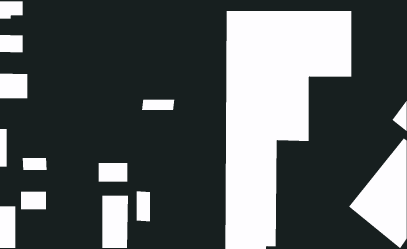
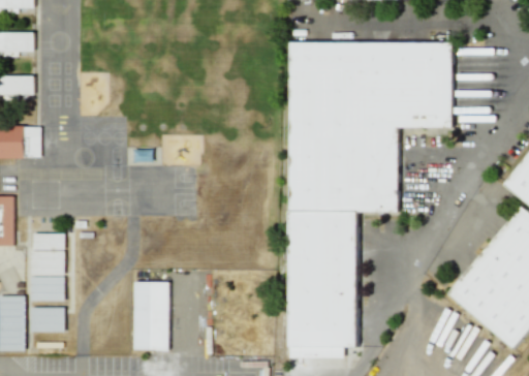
building: [142,99,175,111] -> none
building: [98,162,128,182] -> none
building: none -> [28,251,61,276]
building: [136,191,150,222] -> none
building: none -> [27,307,61,332]

